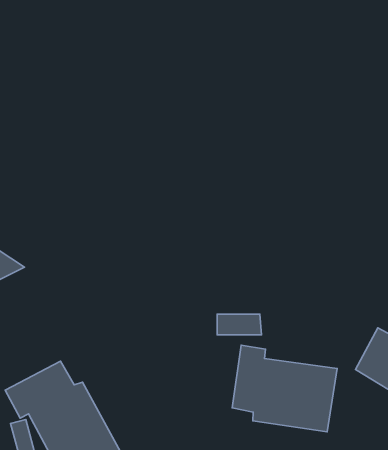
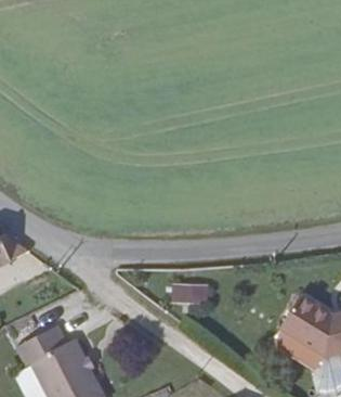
building: [232,345,337,432] -> none

